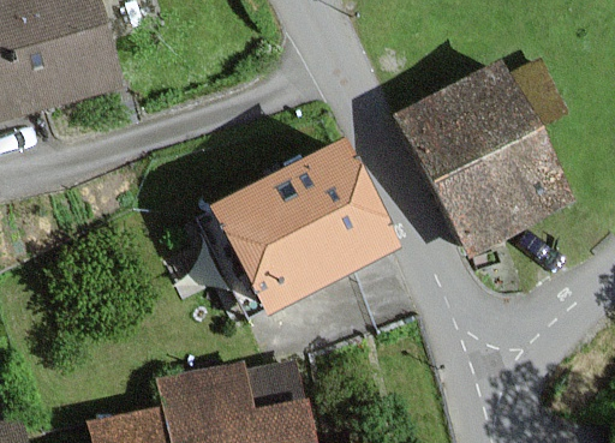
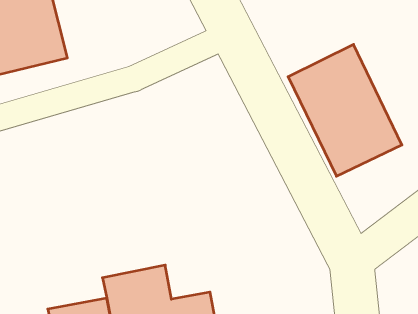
building: [214,143,388,307] -> none

